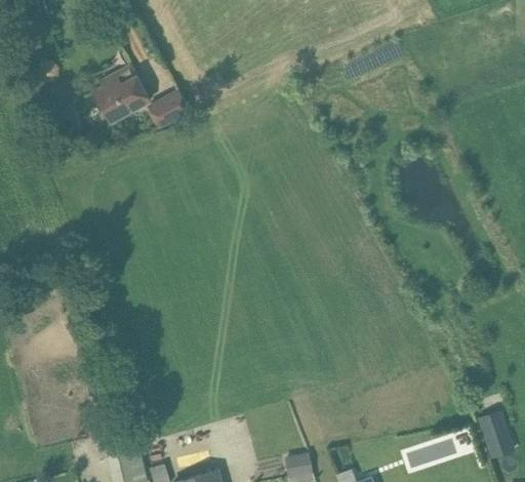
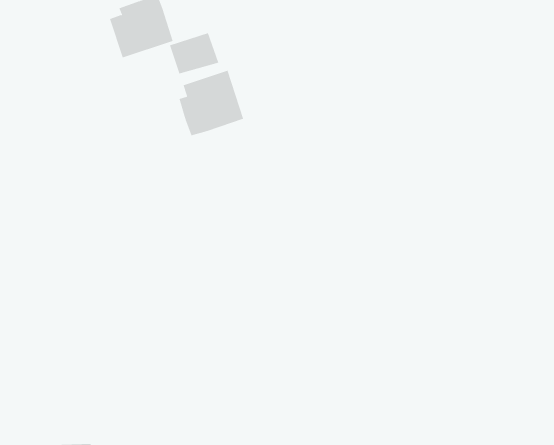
building: none -> [179,70,244,136]

